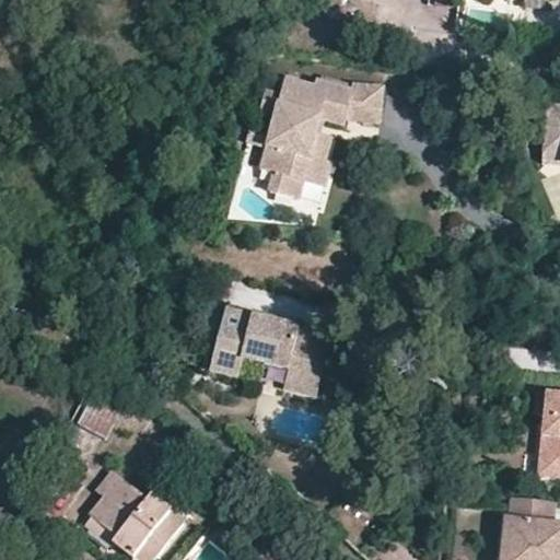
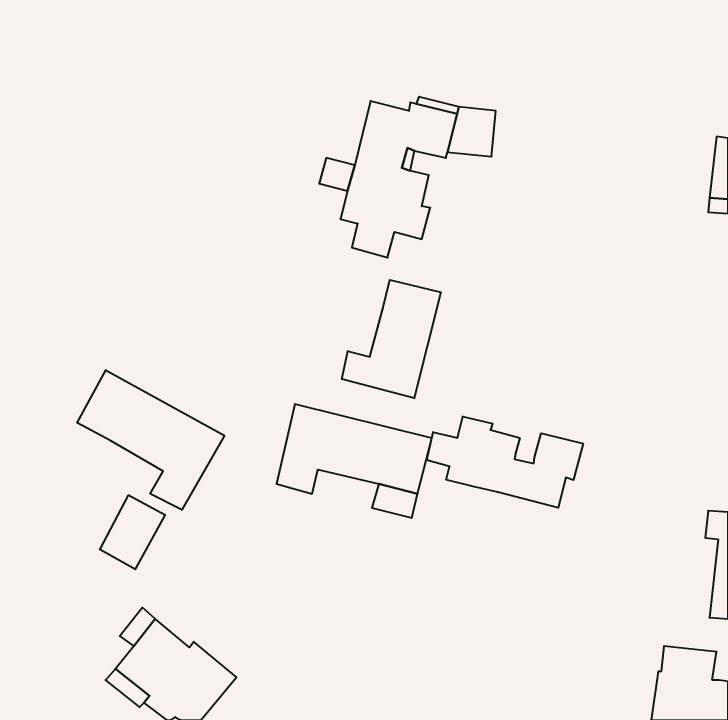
building: none -> [342,280,441,398]
building: none -> [77,370,224,510]
building: none -> [427,416,583,508]

